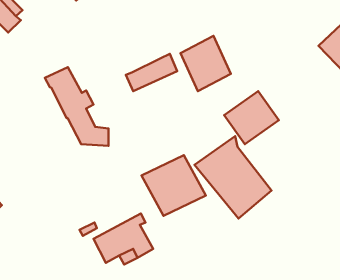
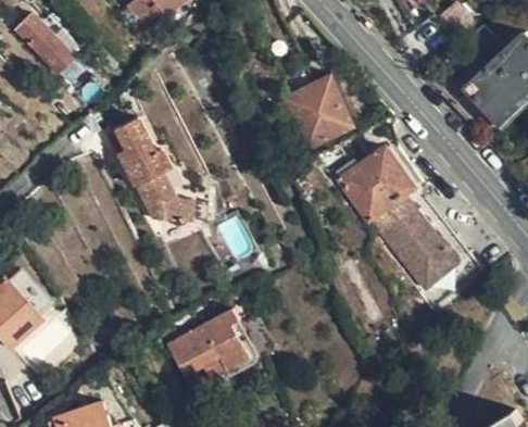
building: [126,54,177,91] -> none
building: [195,136,271,219] -> [368,181,469,290]
building: [142,155,206,216] -> none

